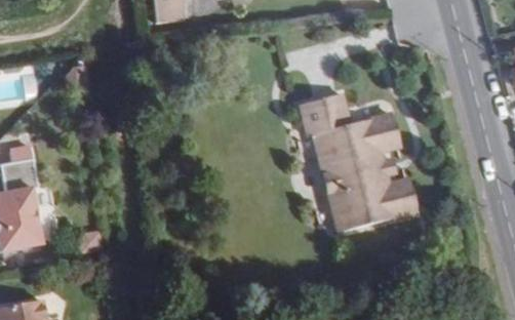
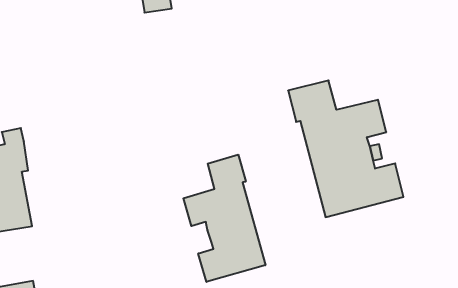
building: none -> [183,155,265,282]

